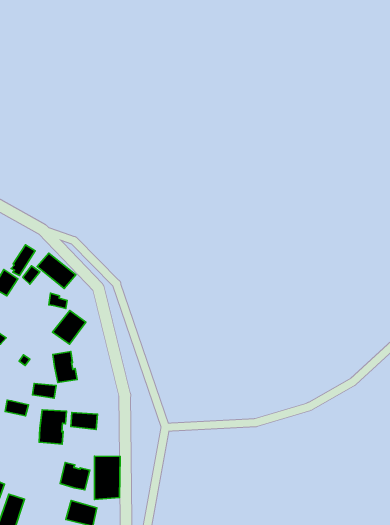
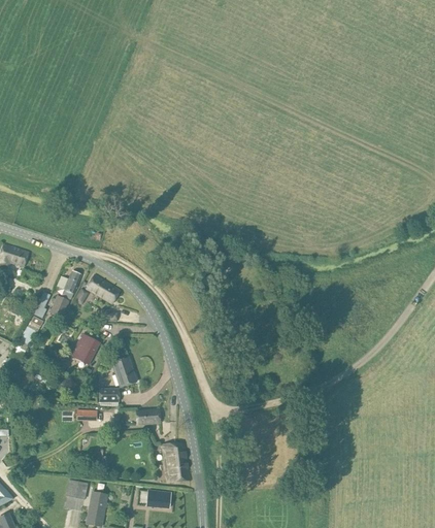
building: [52,310,86,344] -> [71,334,99,364]
building: [39,410,67,444] -> none
building: [60,462,90,490] -> none

